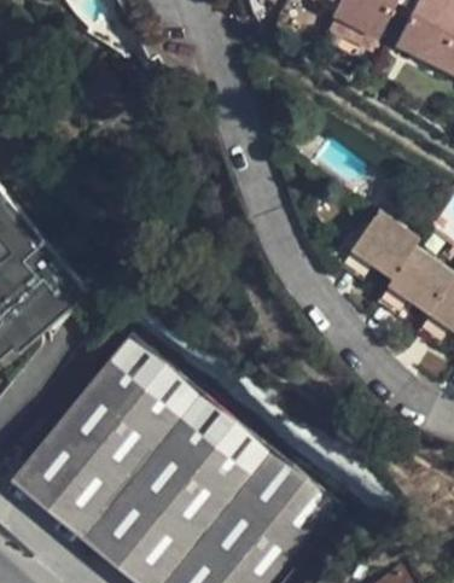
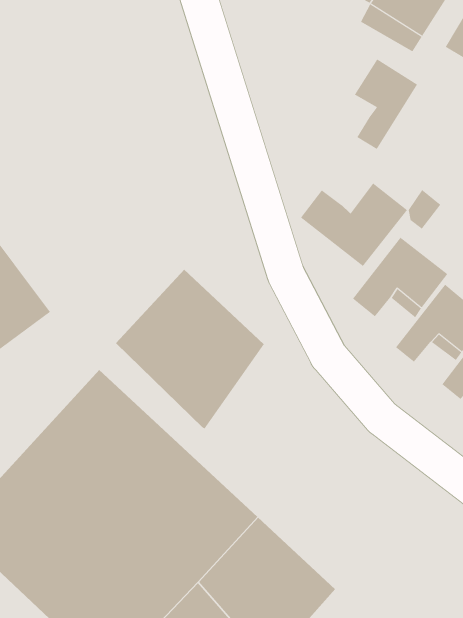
building: none -> [354,58,418,150]
building: none -> [300,182,408,267]
building: none -> [115,269,264,430]

